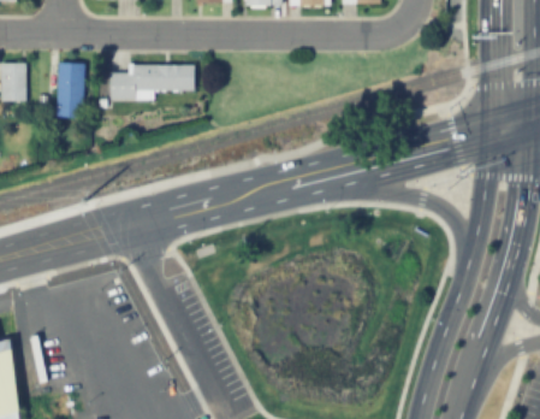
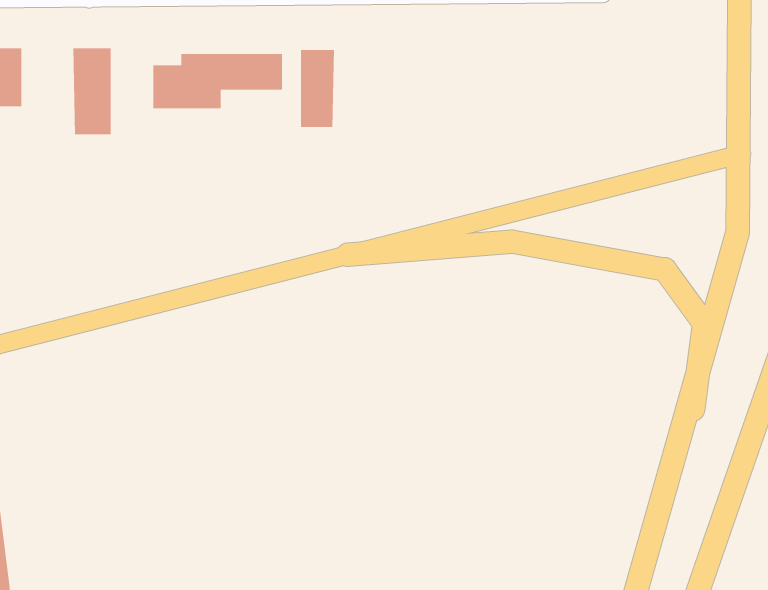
building: none -> [300,49,335,128]

